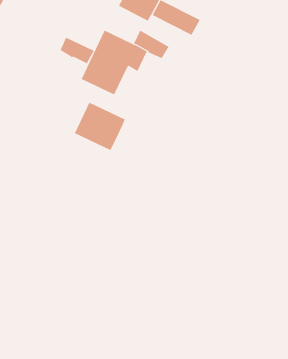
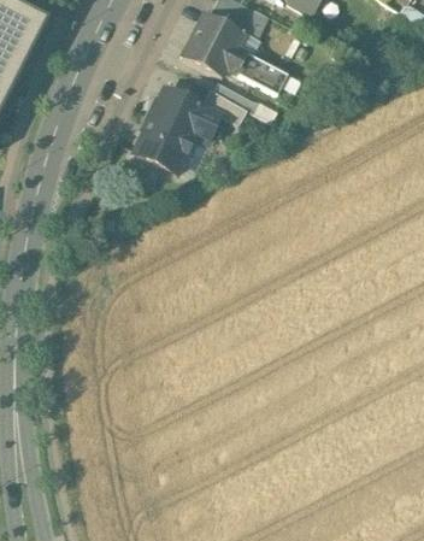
building: [60,37,95,65] -> none
building: [74,102,126,151] -> none

